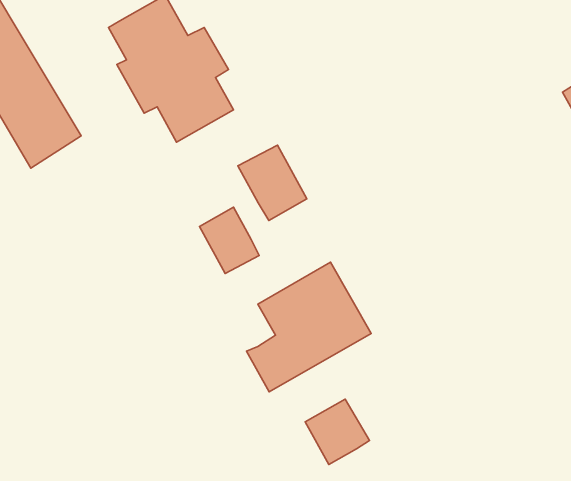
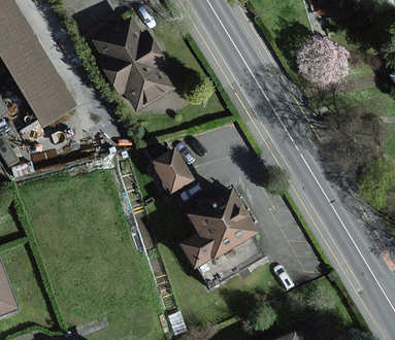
building: [238,145,307,221] -> none
building: [305,399,369,465] -> none

